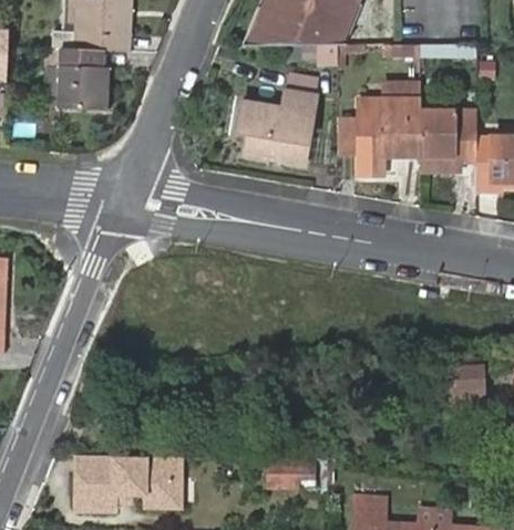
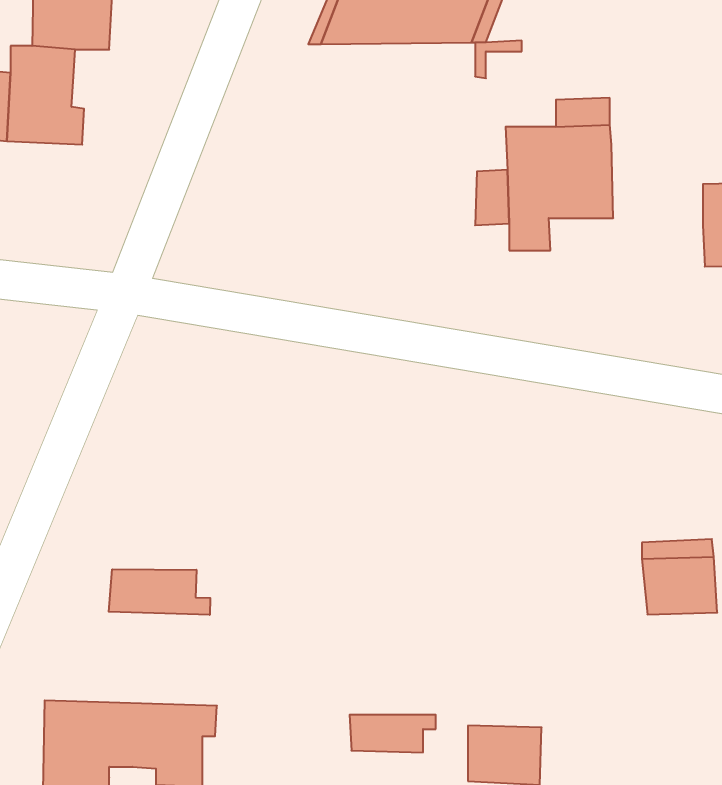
building: [240,92,320,167] -> none
building: [426,110,483,172] -> none
building: none -> [109,569,210,615]

